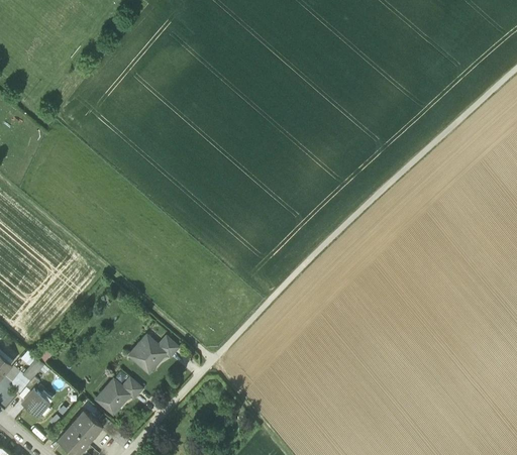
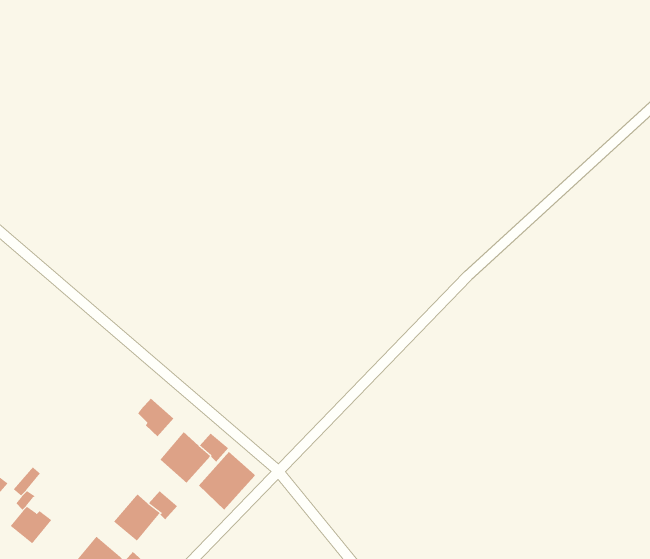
building: none -> [138,398,174,437]
building: none -> [198,451,255,511]

